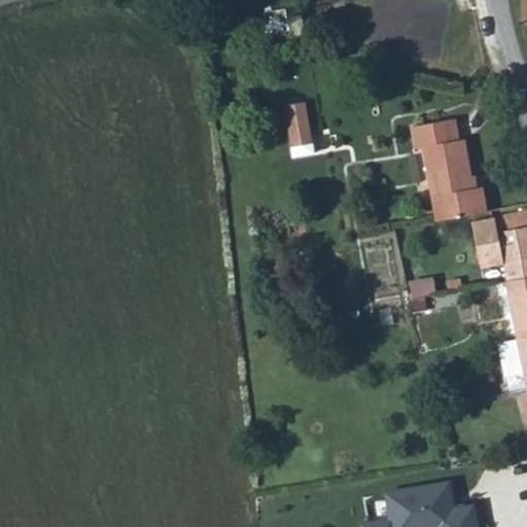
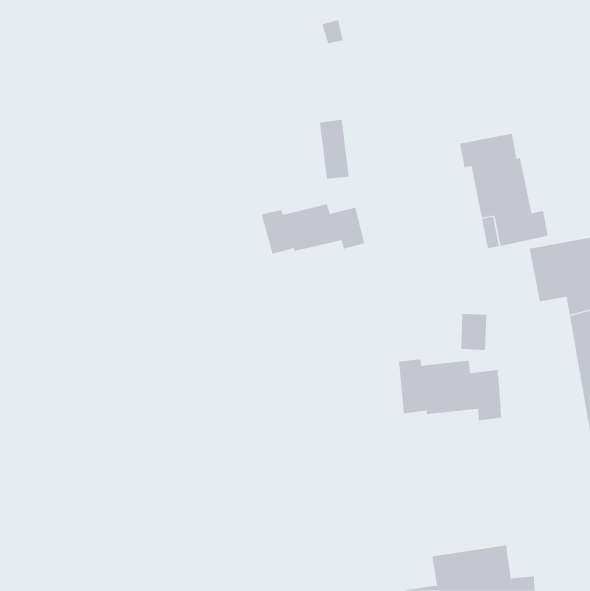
building: none -> [261,204,365,255]
building: none -> [398,358,502,421]

